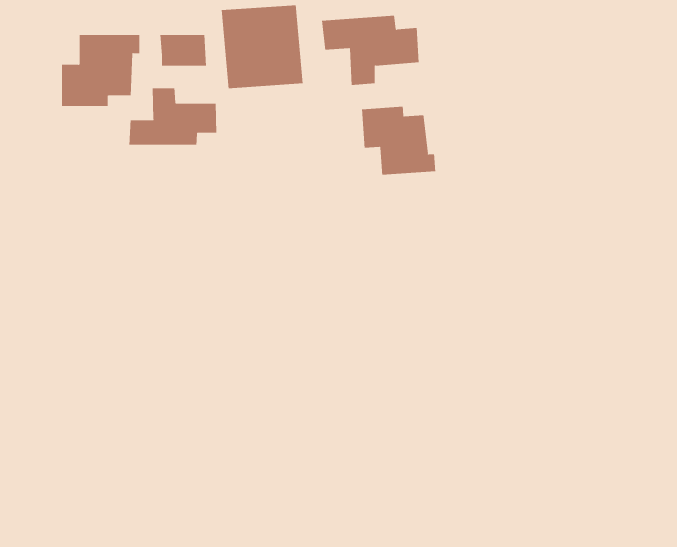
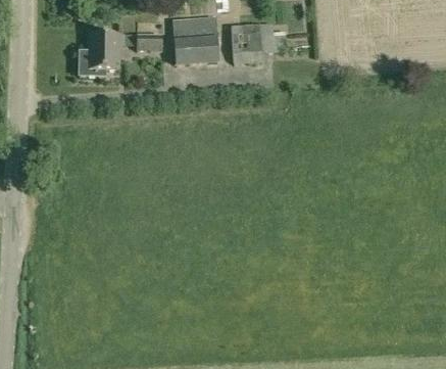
building: [129,87,217,146] -> none
building: [361,106,436,176] -> none

